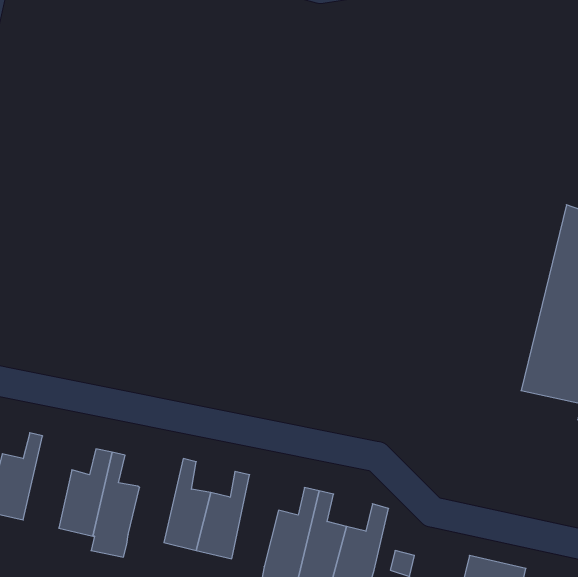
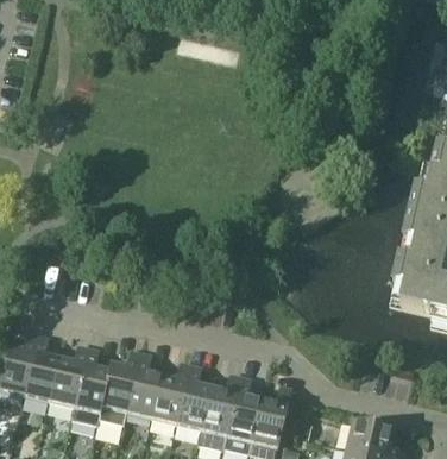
building: none -> [24,333,59,401]
building: none -> [100,347,141,419]
building: none -> [177,361,212,429]

